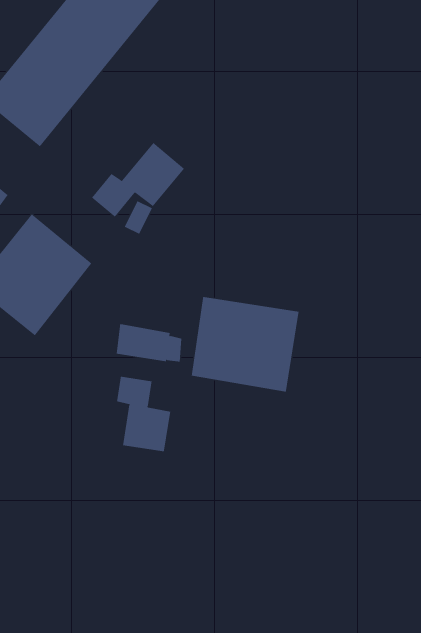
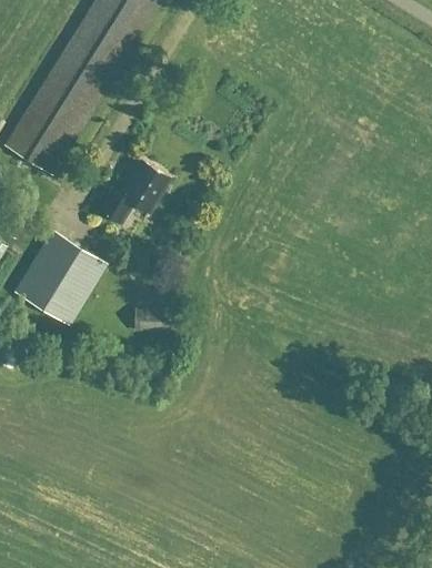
building: [191,296,299,392] -> none
building: [116,376,171,452] -> none

